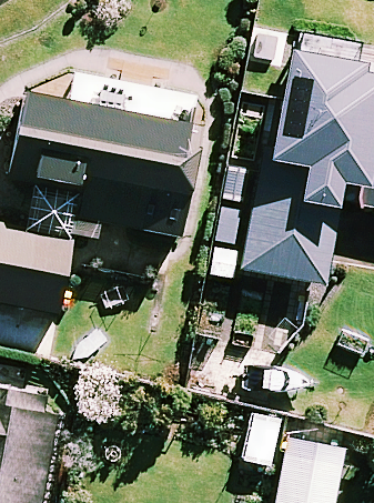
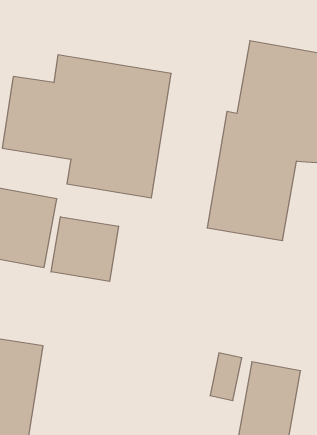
building: none -> [51,217,118,281]

